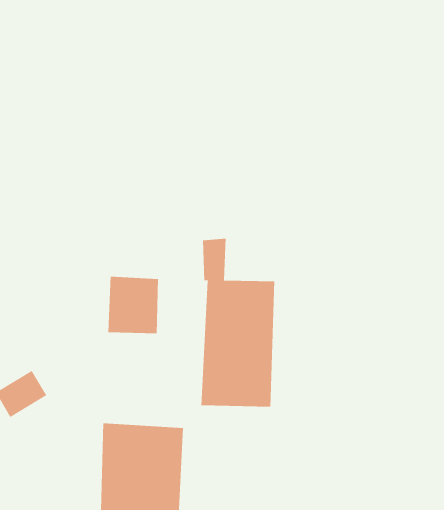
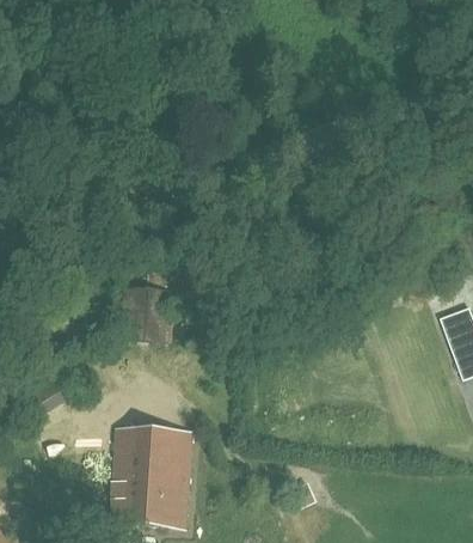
building: [201,238,275,408] -> none

